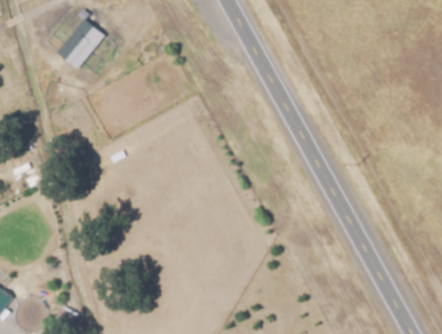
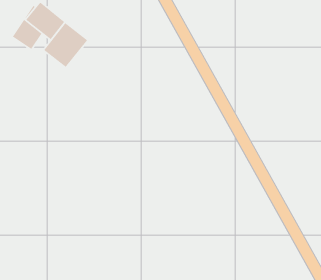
building: none -> [43,22,88,68]

